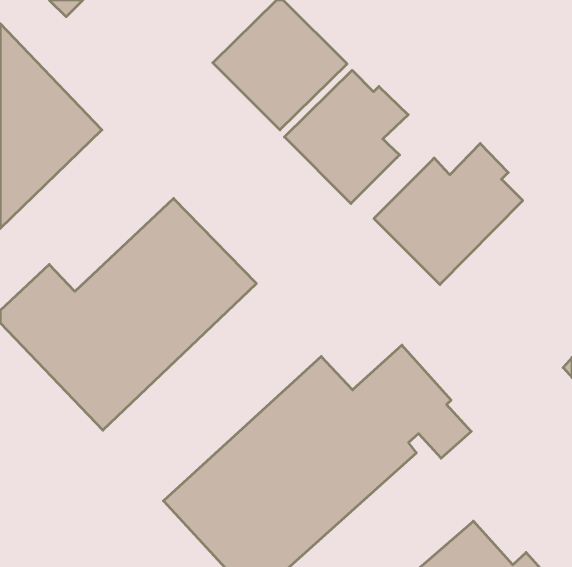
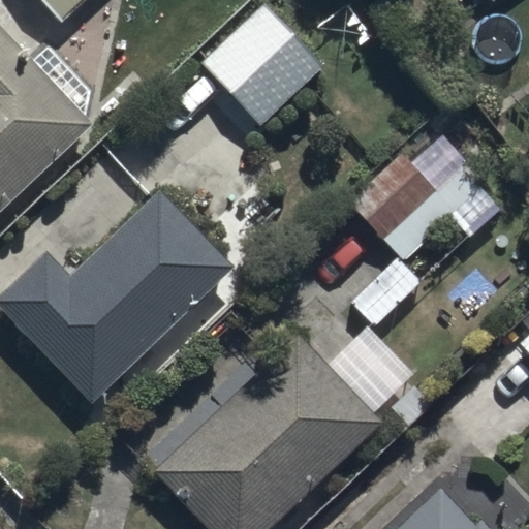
building: [284,70,408,204] -> none

